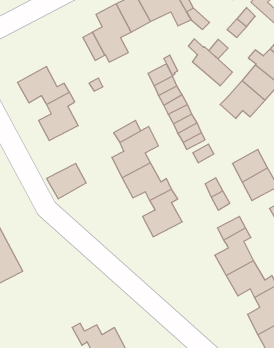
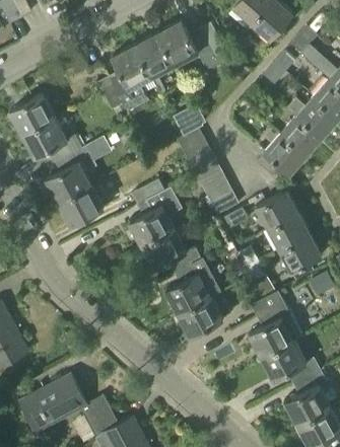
building: [188,39,232,86] -> none
building: none -> [9,94,55,136]
building: none -> [257,192,298,229]
building: [47,163,86,199] -> [58,185,104,226]
building: none -> [178,296,223,337]
building: none -> [19,376,113,432]

